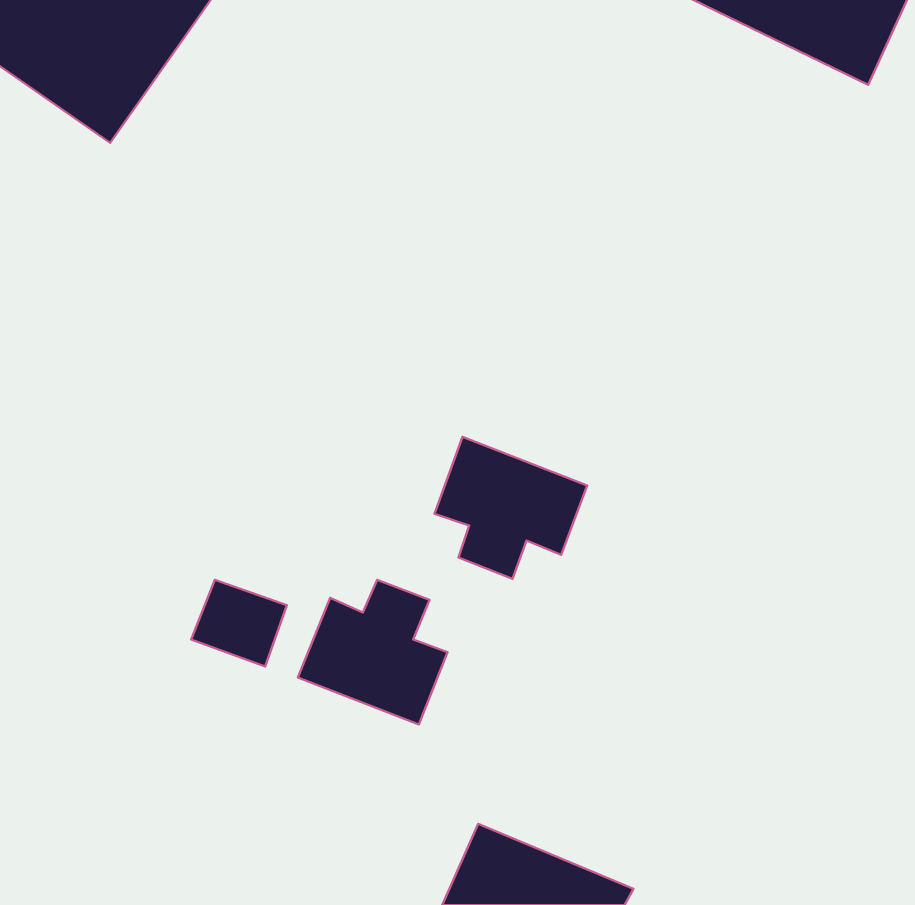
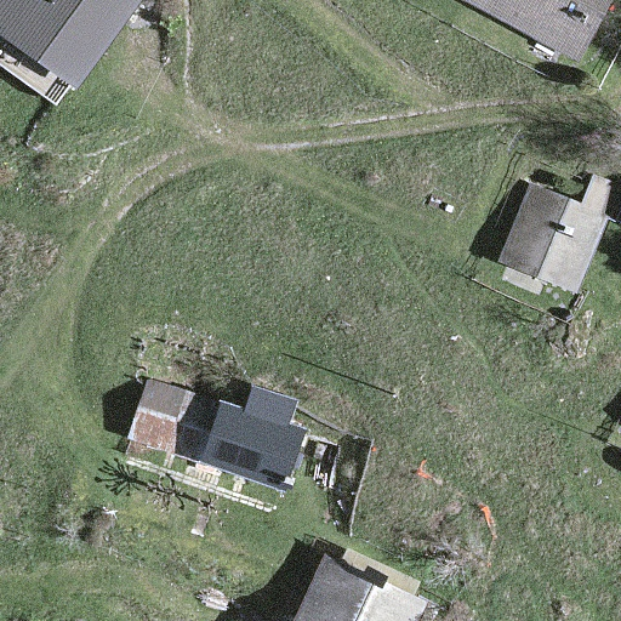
building: none -> [500,187,600,291]
building: [434,437,587,579] -> none

